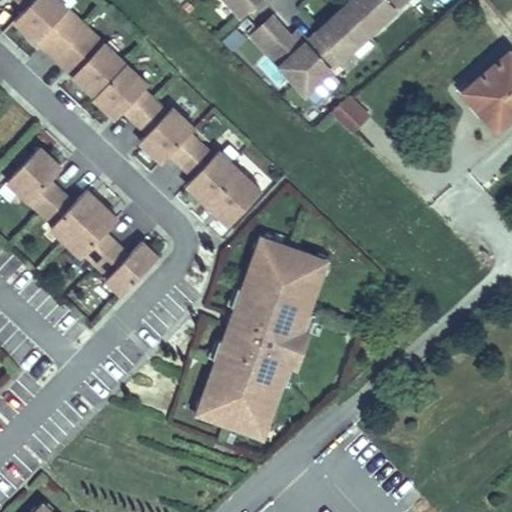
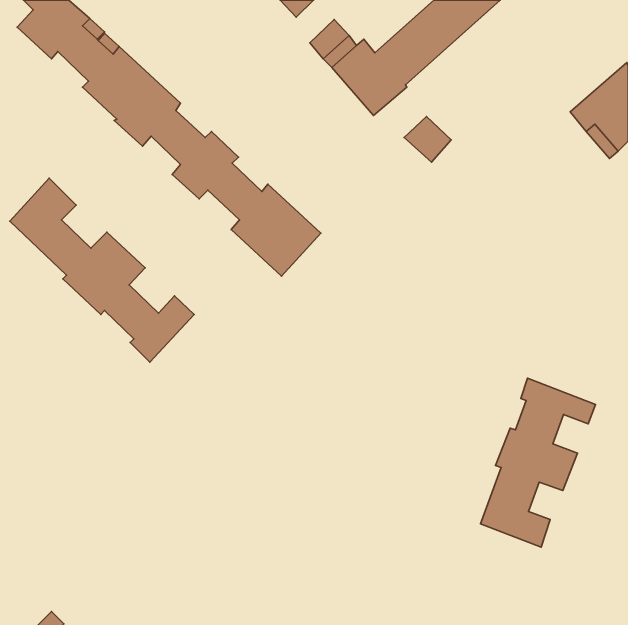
building: [193,231,330,437] -> none
building: none -> [480,378,596,547]

